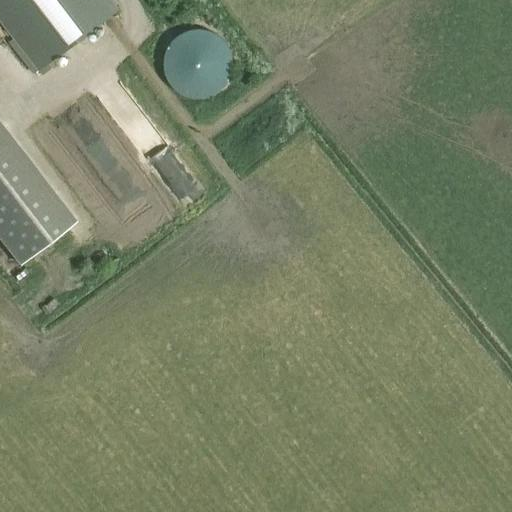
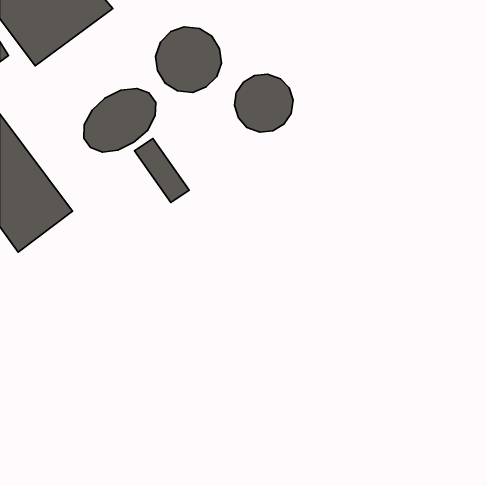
building: none -> [235,74,293,132]
building: none -> [84,88,156,152]

